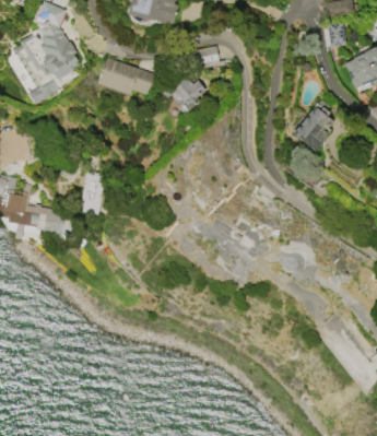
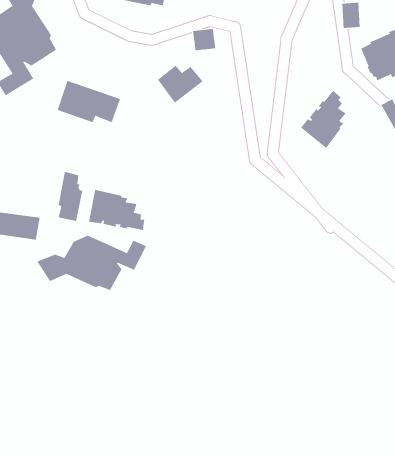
building: [97,57,153,94] -> [57,80,121,123]
building: none -> [89,189,145,231]
building: none -> [36,235,147,291]

